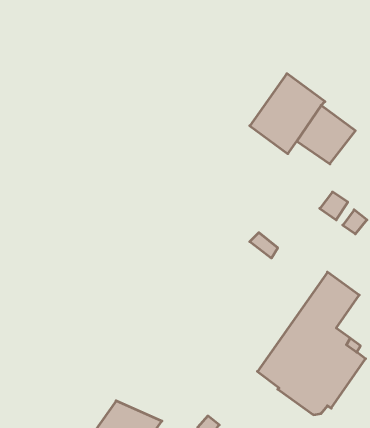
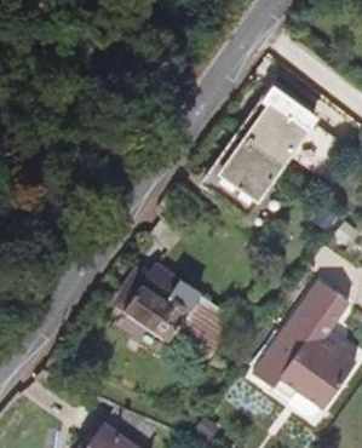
building: none -> [211,138,282,212]
building: none -> [117,262,230,357]

